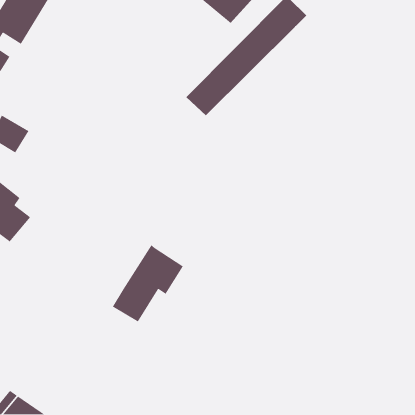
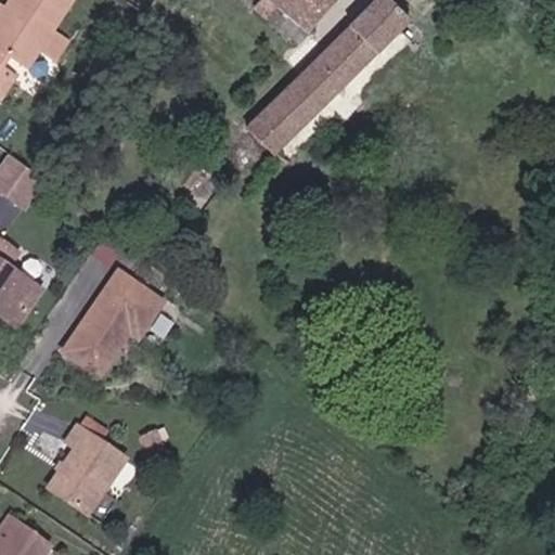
building: [112,244,184,323] -> [67,270,163,374]
building: none -> [48,433,121,518]

